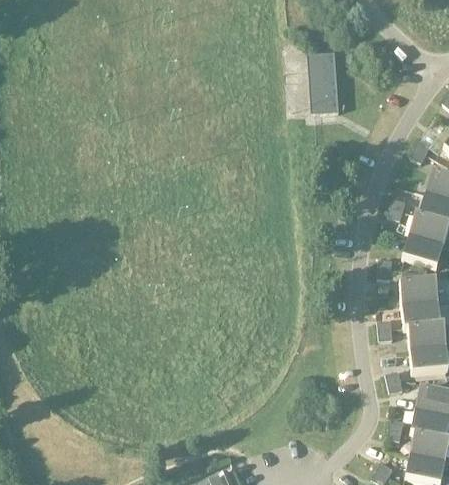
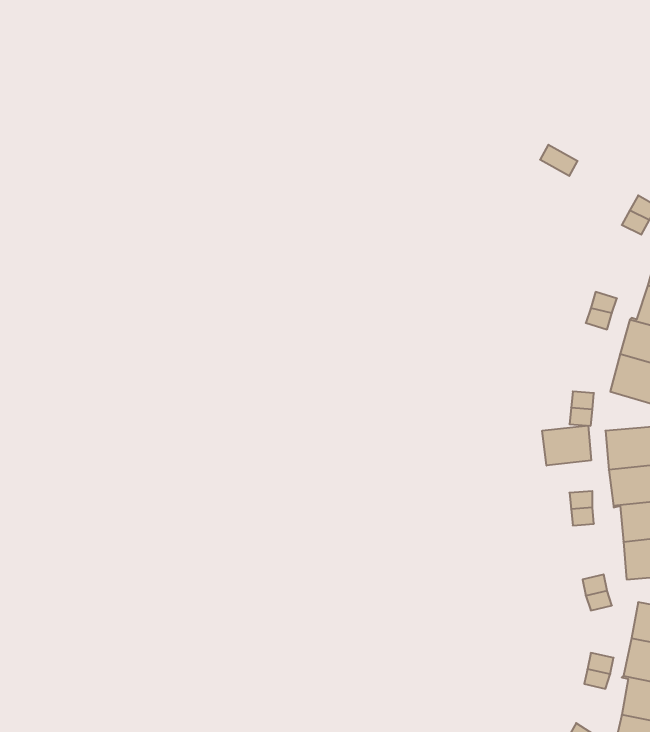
building: [312,51,340,113] -> none
building: none -> [542,426,591,466]

